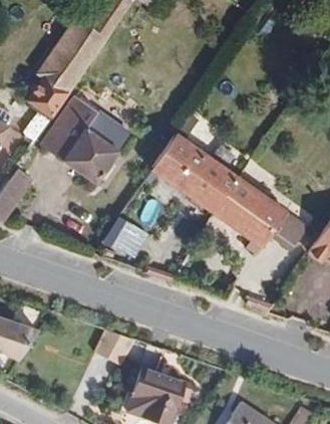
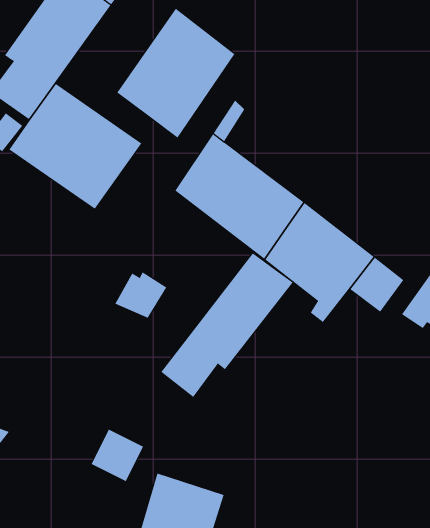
building: none -> [117,8,235,138]
building: none -> [161,253,293,398]

